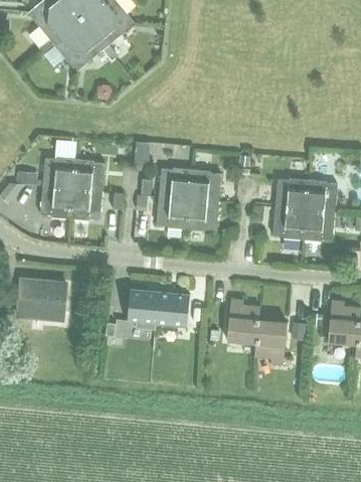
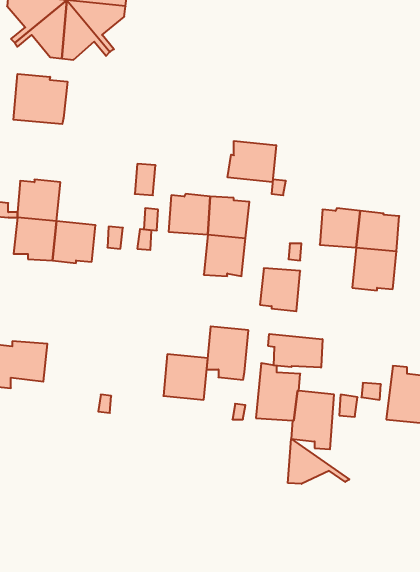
building: none -> [13,74,67,124]
building: none -> [228,141,276,182]
building: [72,158,105,191] -> none
building: [156,196,189,229] -> none
building: [273,206,304,239] -> [260,268,300,311]
building: none -> [268,334,322,368]
building: [126,288,158,329] -> [207,326,248,380]
building: none -> [288,439,349,484]

